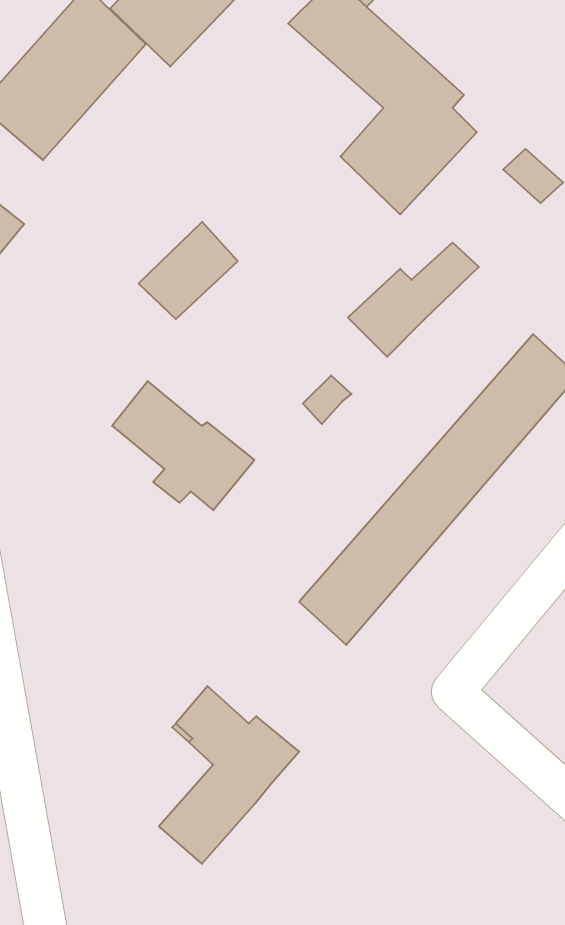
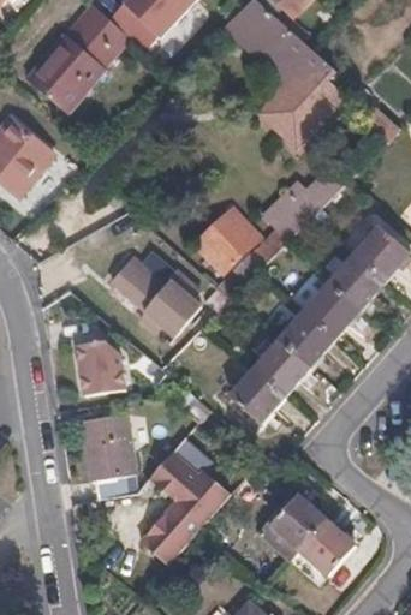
building: [139,222,238,319] -> [191,205,255,268]
building: none -> [77,340,126,395]
building: none -> [81,413,136,497]
building: none -> [270,494,355,574]

